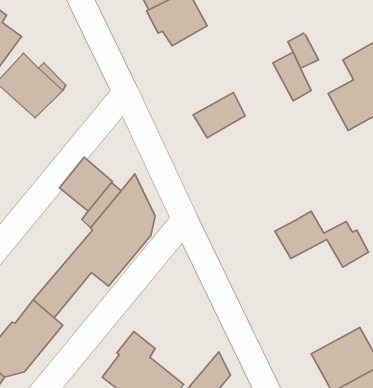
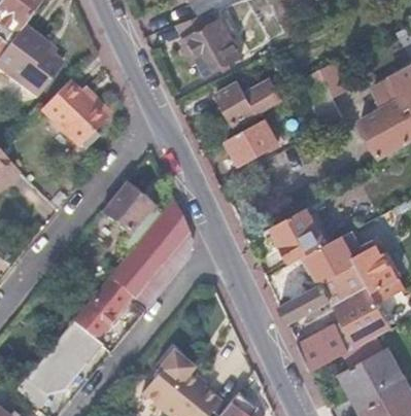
building: none -> [217,82,281,124]
building: none -> [273,207,327,263]
building: none -> [280,263,392,371]

